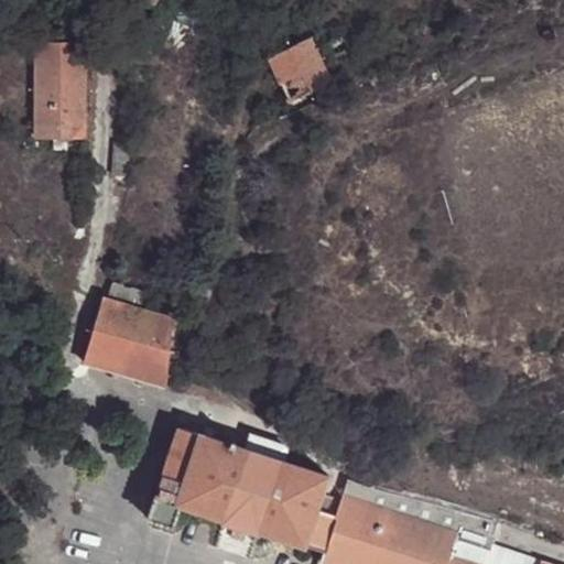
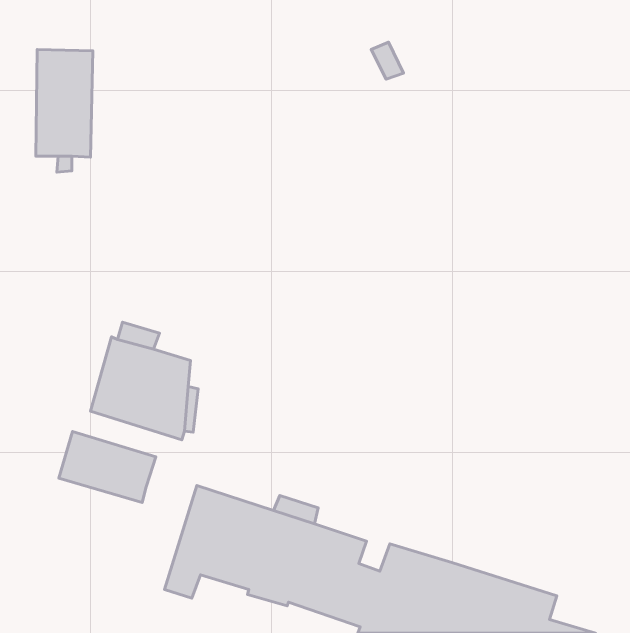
building: [268,34,332,106] -> none
building: none -> [59,432,156,503]

